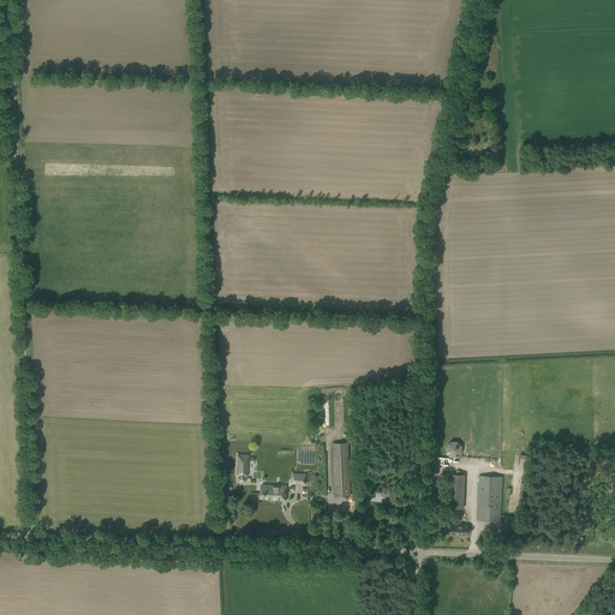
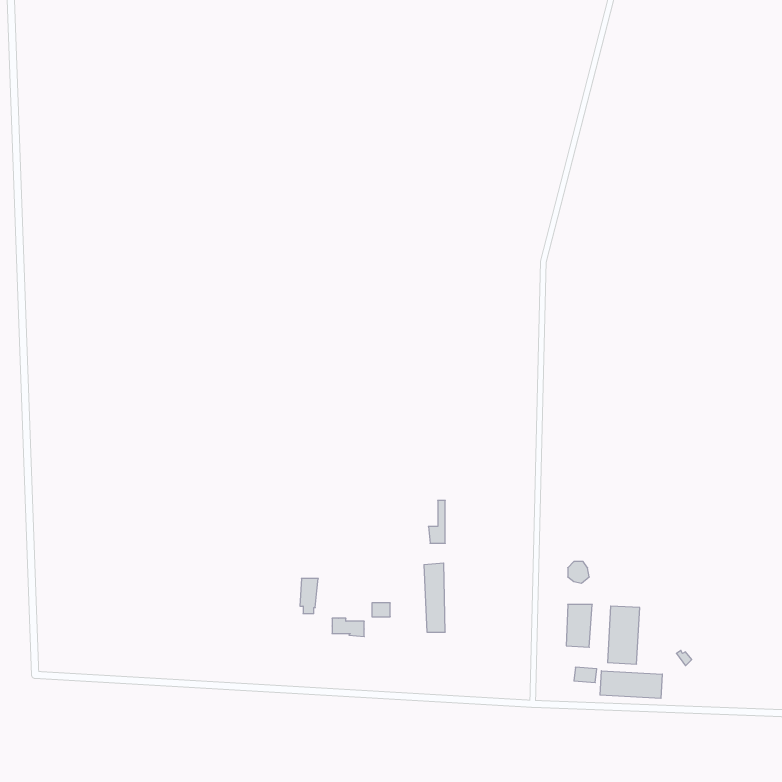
building: none -> [600,671,662,698]

